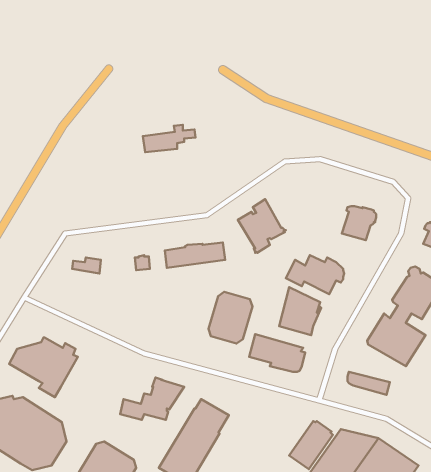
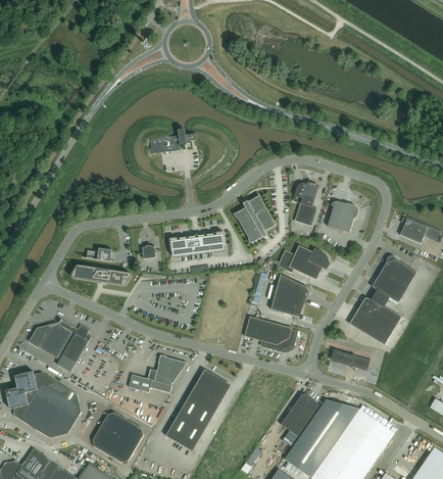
building: none -> [292,183,317,226]
building: none -> [70,265,131,285]
building: [209,292,252,343] -> none

